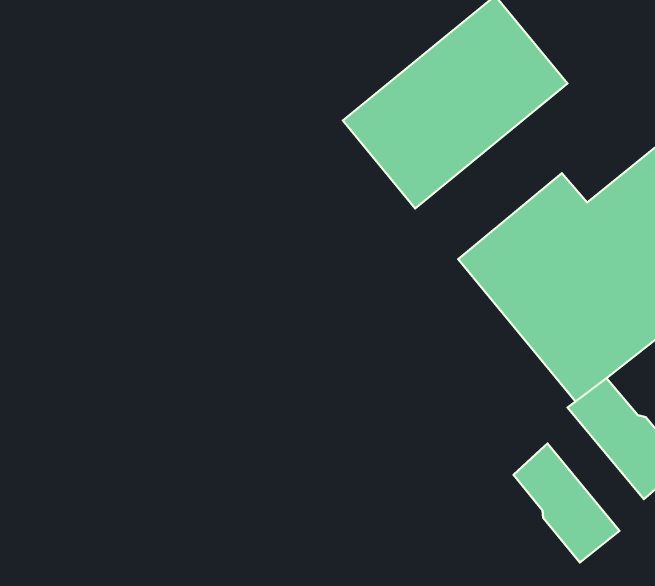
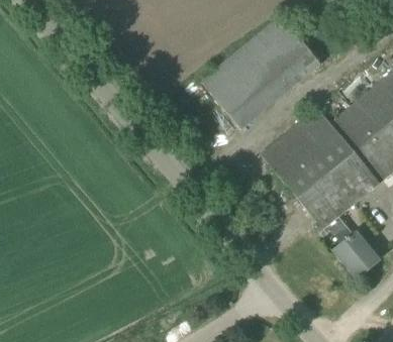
building: [513,444,620,563] -> none

